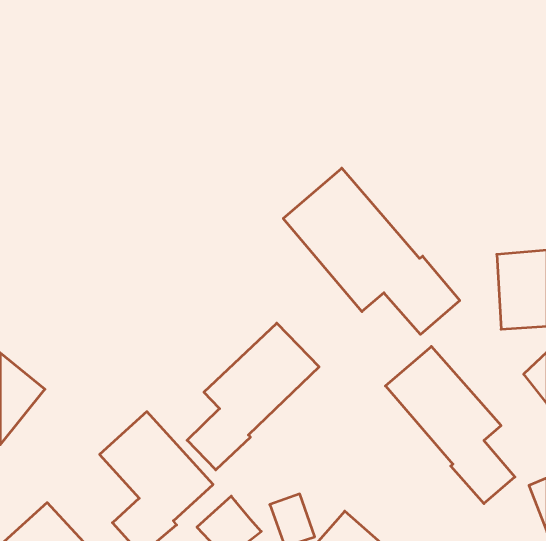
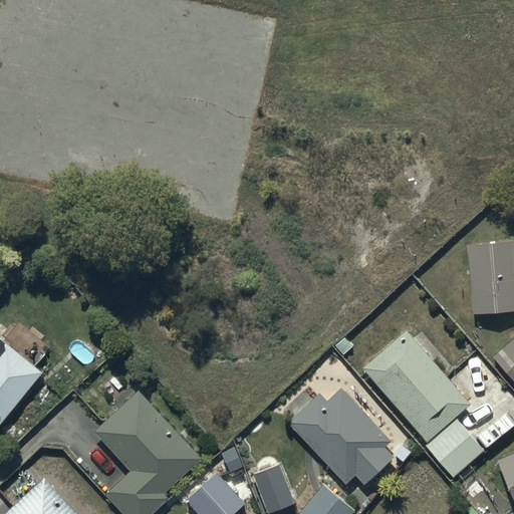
building: [283,168,460,334] -> none
building: [187,323,319,470] -> none
building: none -> [287,390,395,486]

